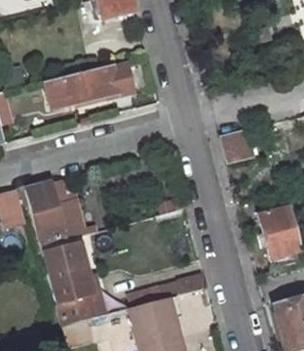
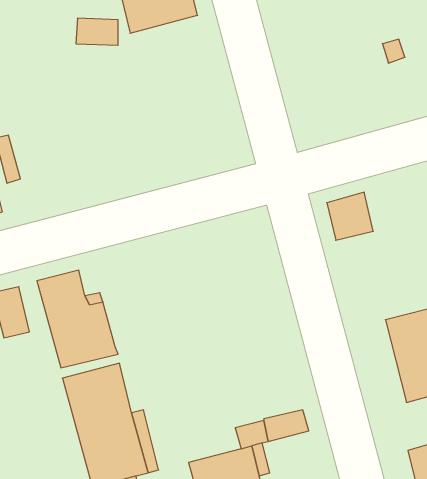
building: [42,65,136,108] -> none

